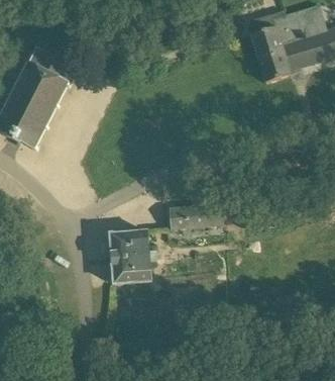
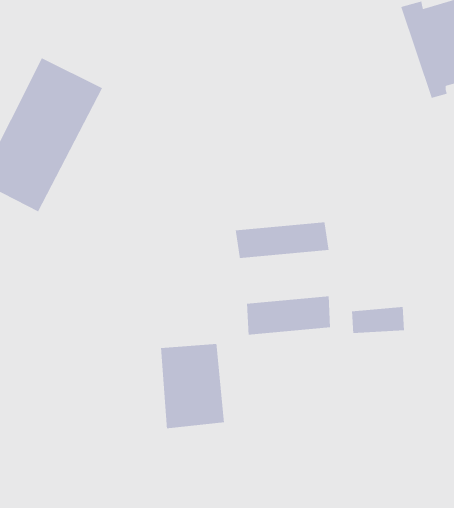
building: [251,13,291,82] -> none
building: none -> [235,221,329,259]

